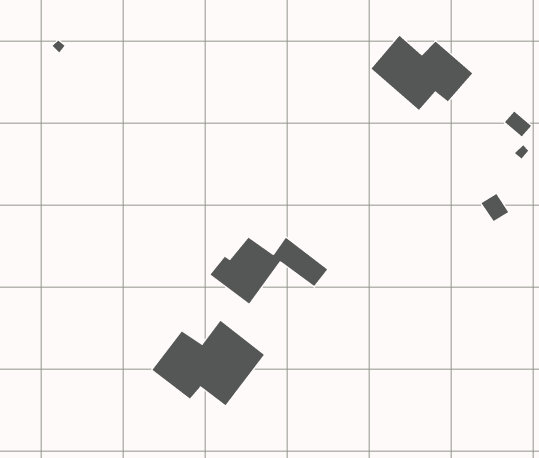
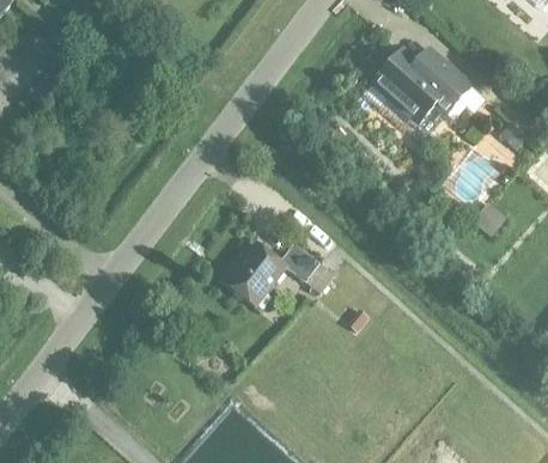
building: [151,320,265,406] -> none

